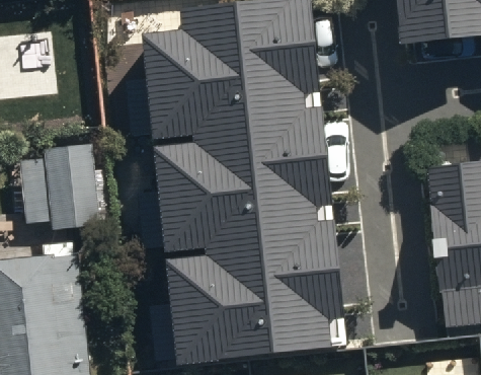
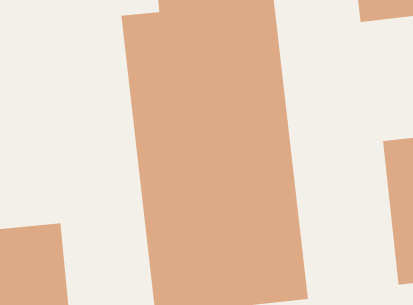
building: [16,146,109,237] -> none

